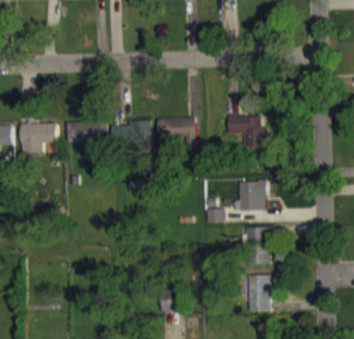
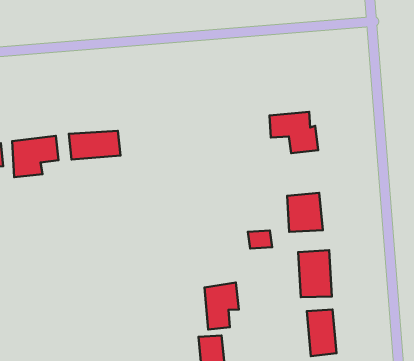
building: [158,117,196,139] -> none
building: [111,120,152,146] -> none
building: none -> [204,282,239,329]

